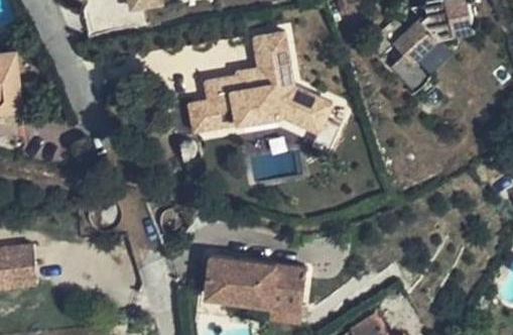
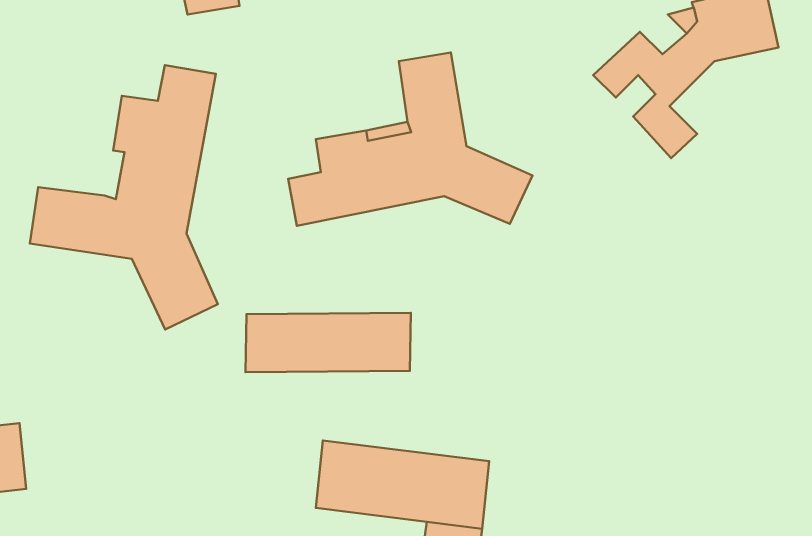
building: none -> [30,65,218,329]
building: none -> [246,313,411,372]

